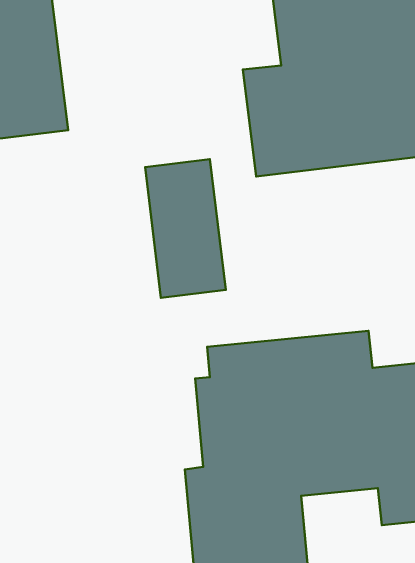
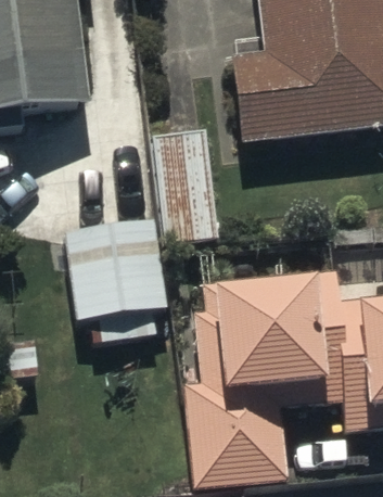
building: none -> [65,224,168,323]

